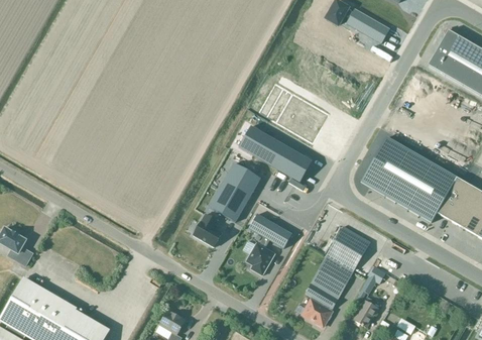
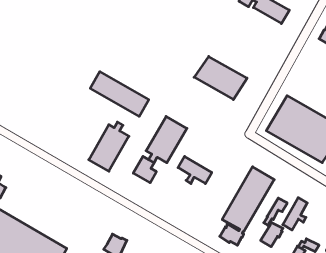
building: [238,125,312,182] -> [90,72,149,116]
building: none -> [89,122,129,171]
building: [246,242,275,274] -> none
building: none -> [283,198,307,230]

